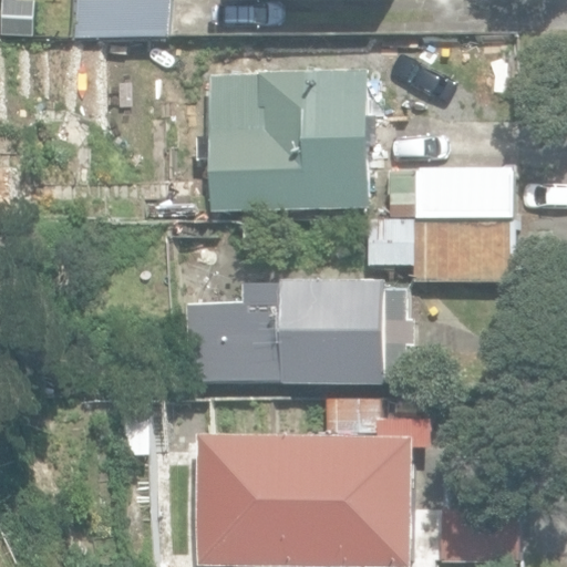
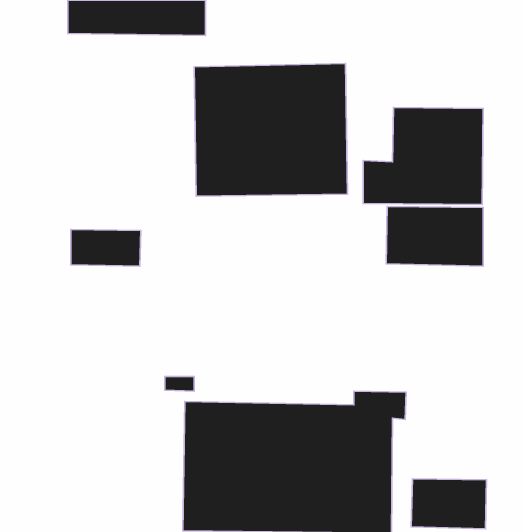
building: [182,284,410,384] -> none

